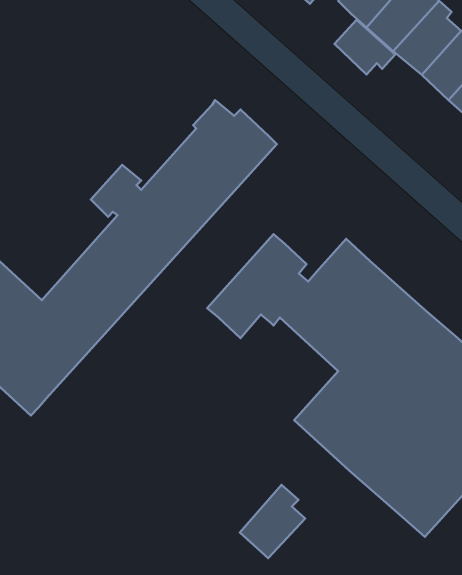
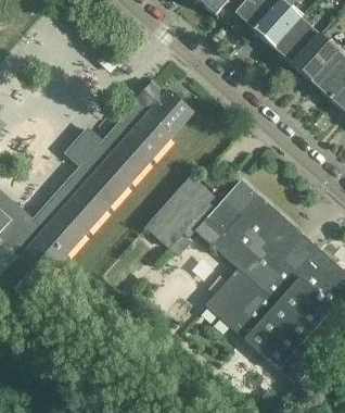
building: [334,20,395,74] -> none
building: [240,485,305,558] -> none

